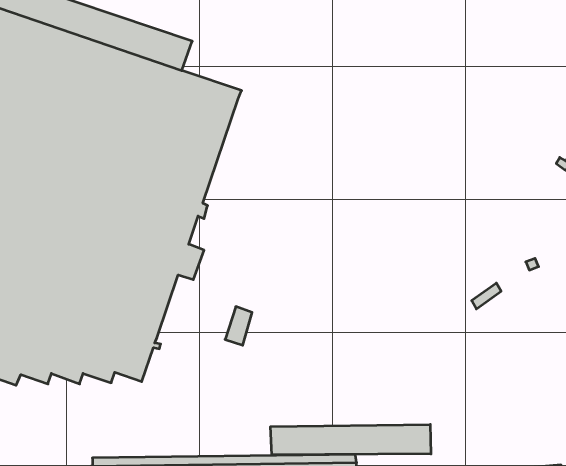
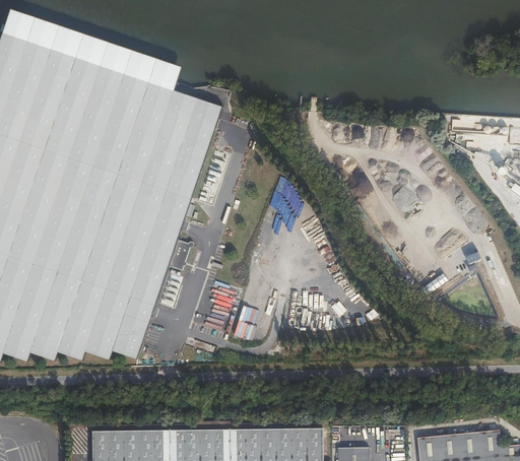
building: [271,424,431,455] -> none

